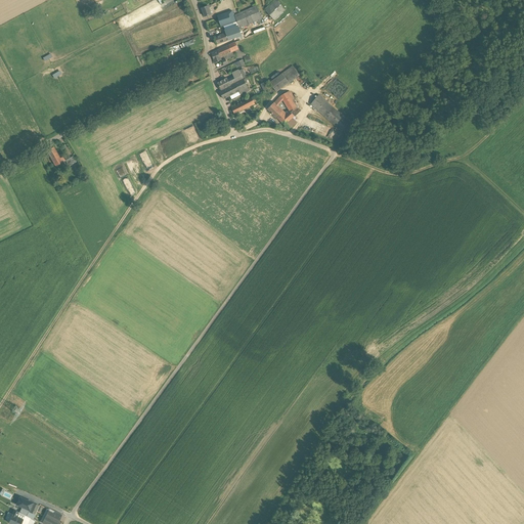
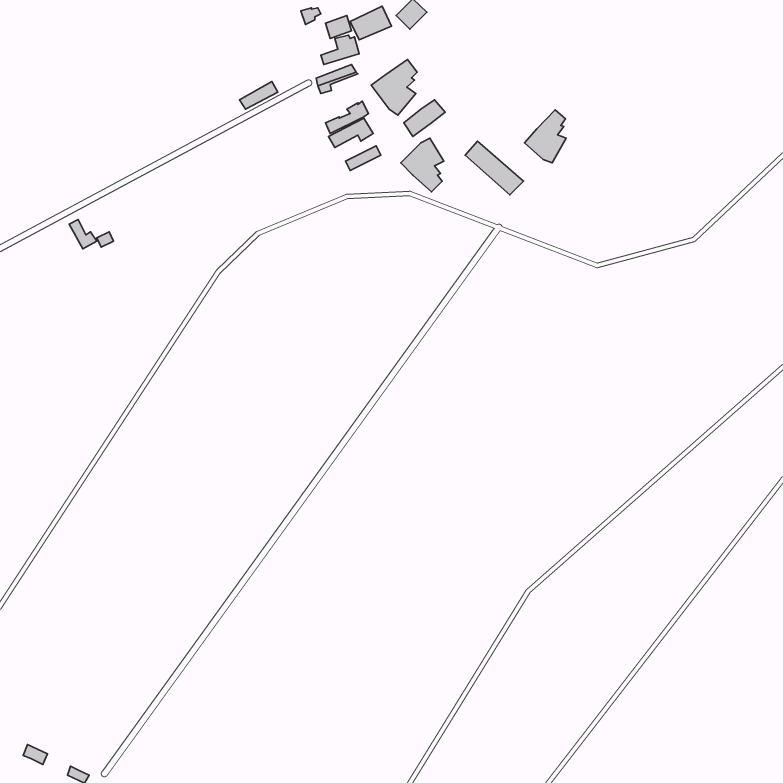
building: none -> [371,59,417,115]
building: none -> [524,110,566,163]

